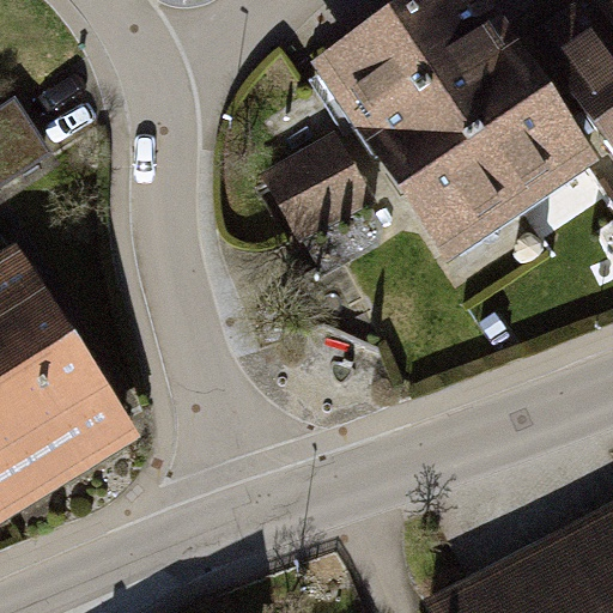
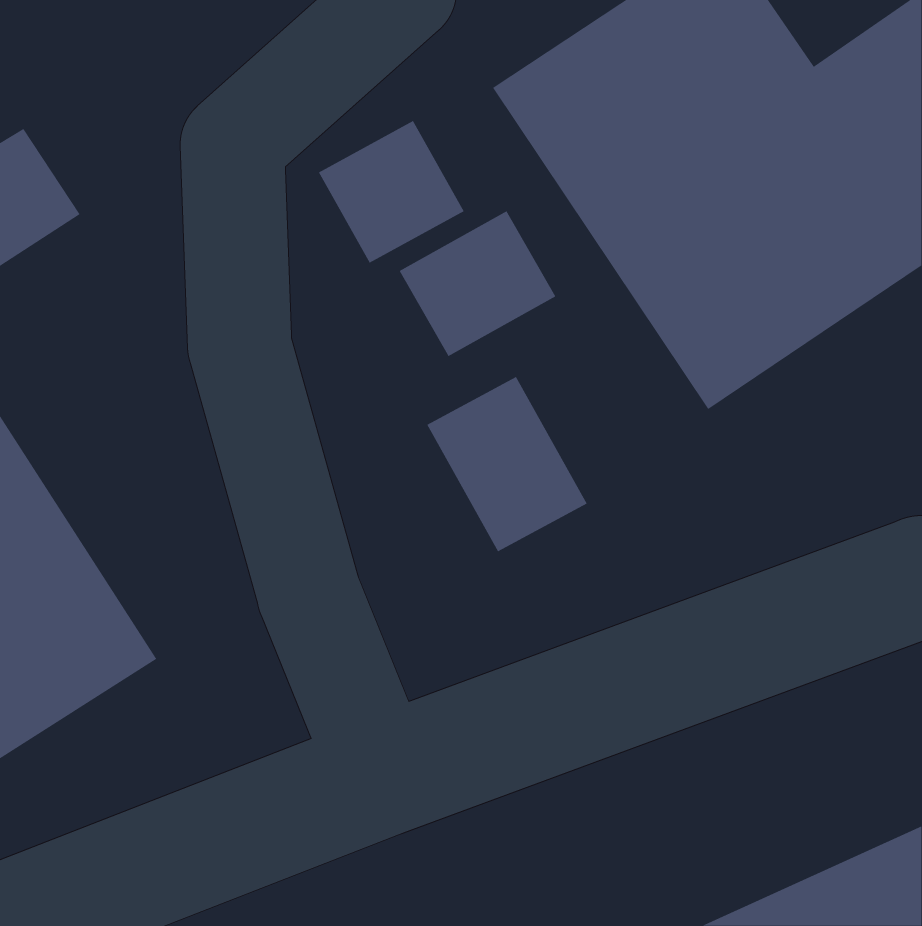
building: none -> [318,120,464,264]
building: none -> [427,376,587,552]

